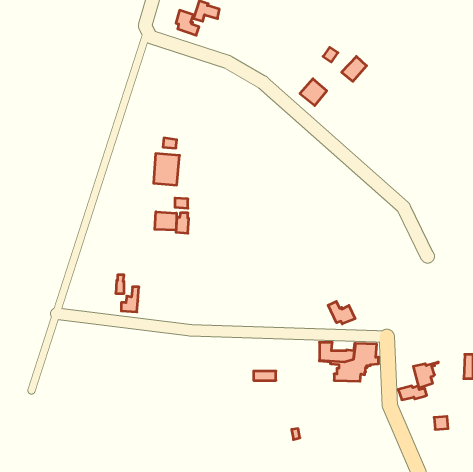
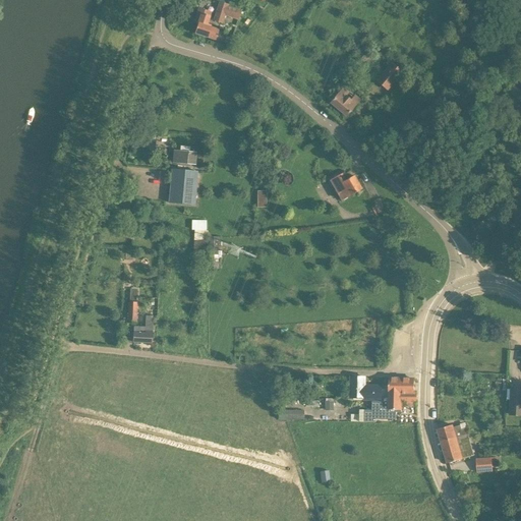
building: none -> [332,173,360,198]
building: [155,212,176,230] -> none
building: [328,301,355,324] -> none
building: [413,362,438,388] -> [442,435,469,463]

